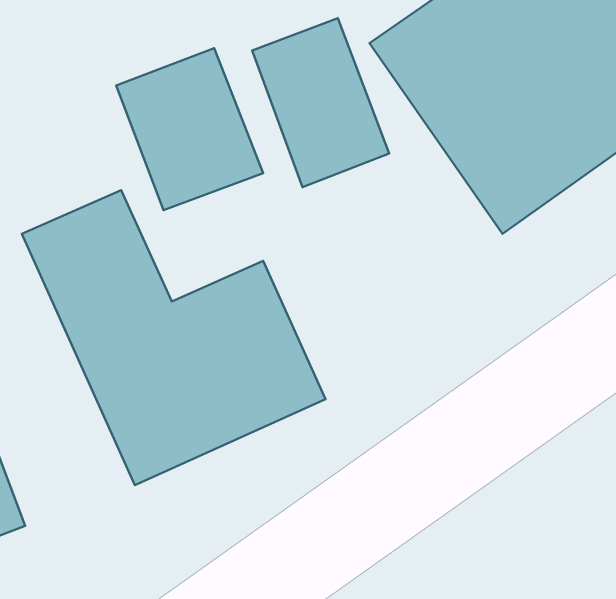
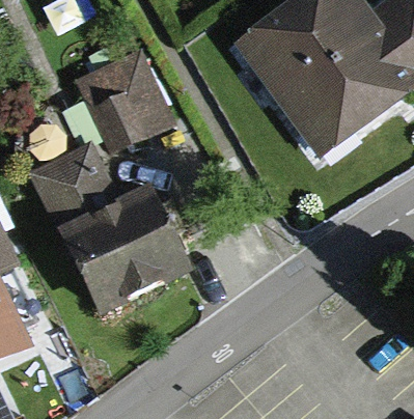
building: [252,18,389,187] -> none

